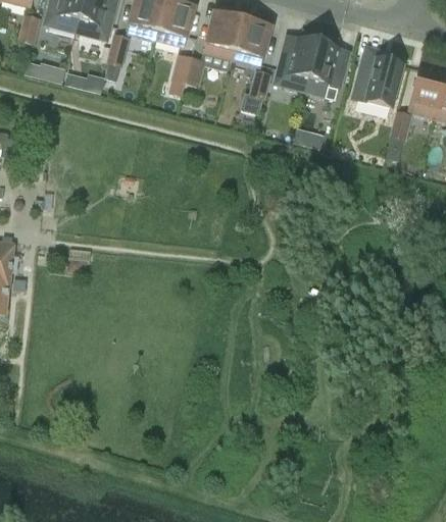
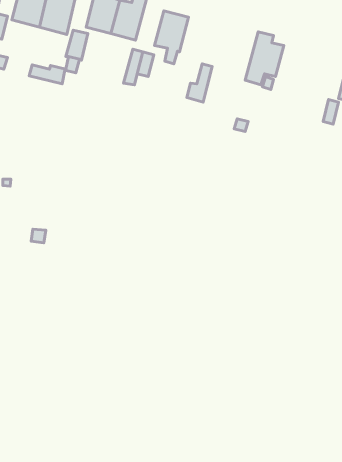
building: [232,15,271,65] -> none
building: [276,31,319,90] -> none
building: [353,54,403,107] -> none

